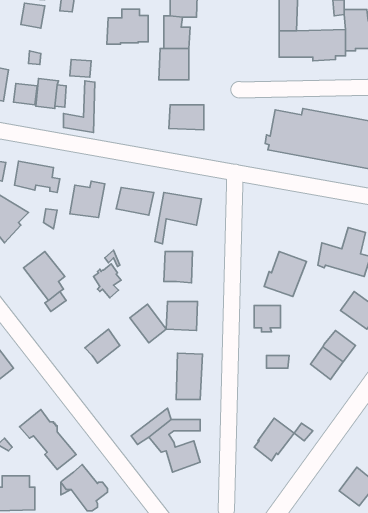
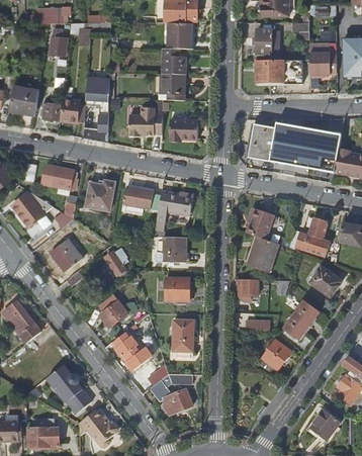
building: [107,9,148,44] -> [127,107,161,135]
building: none -> [246,209,273,241]
building: [130,304,166,343] -> [112,331,142,362]
building: [254,418,294,461] -> [258,340,290,374]

